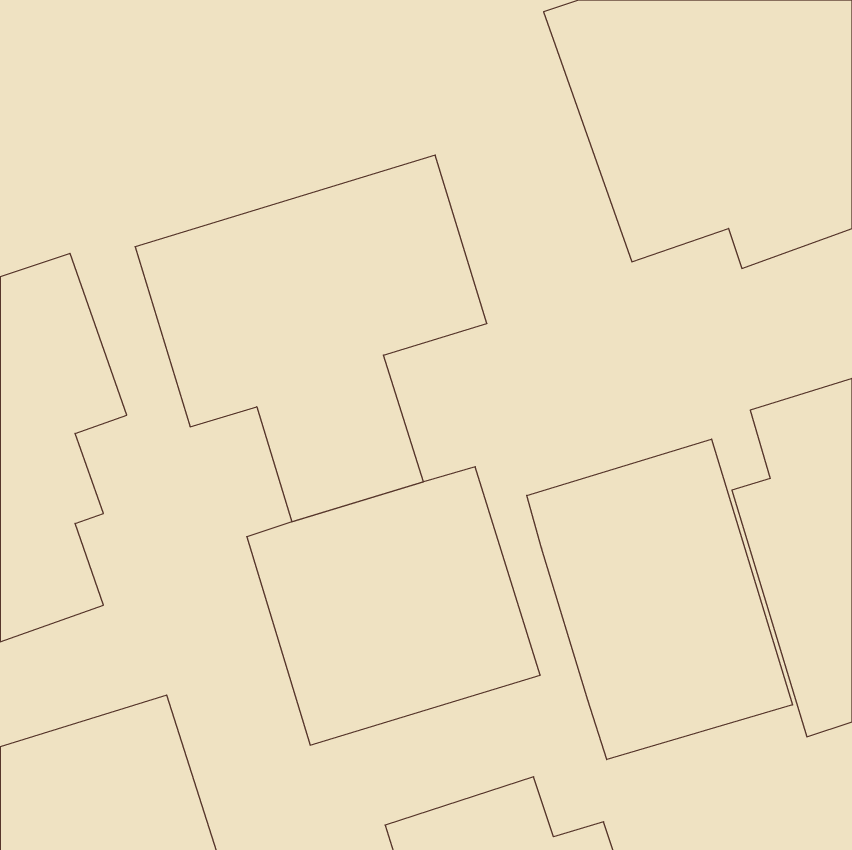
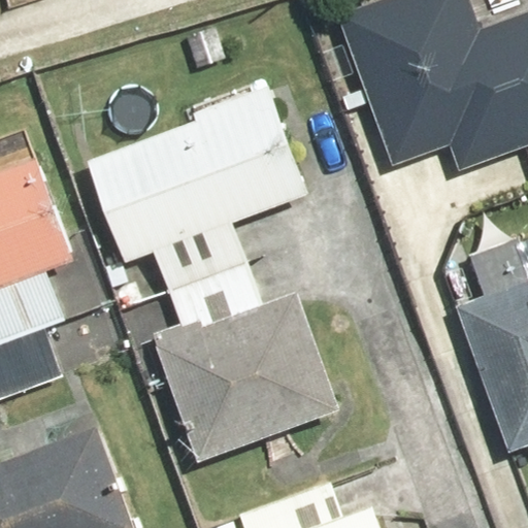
building: [527,439,793,760] -> none

